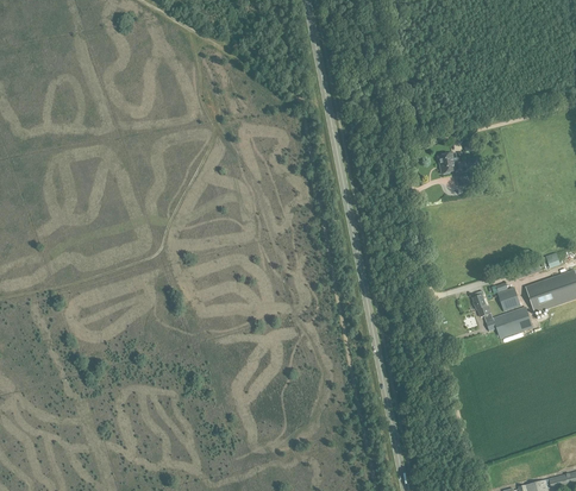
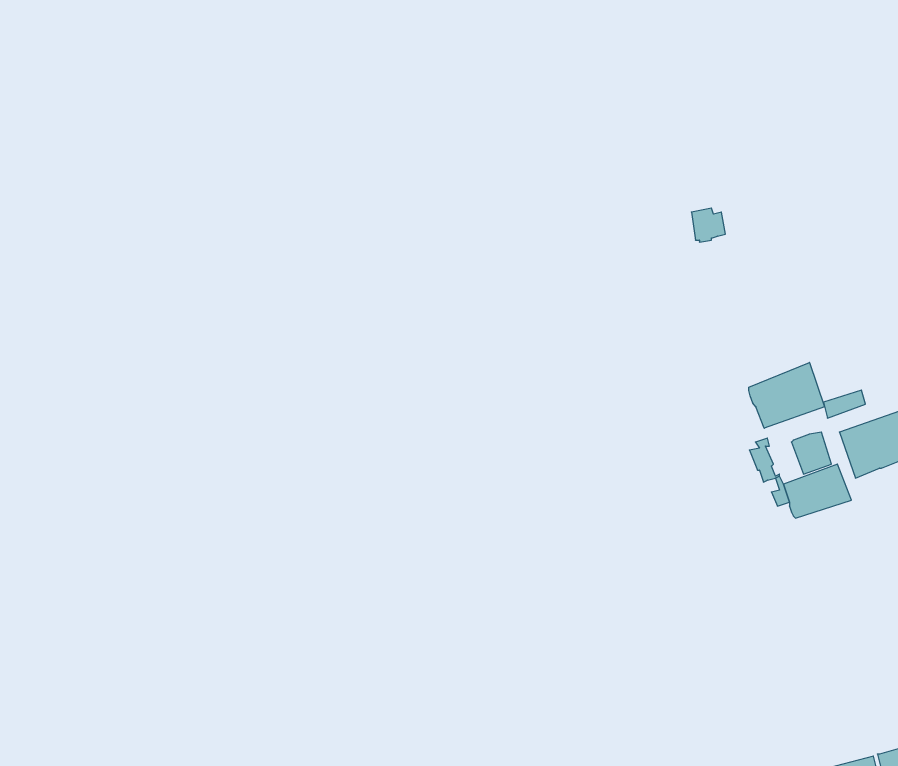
building: none -> [749,362,825,428]

